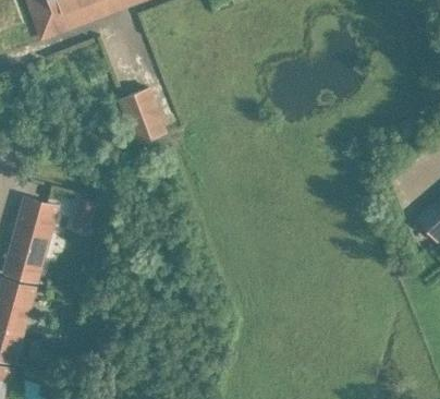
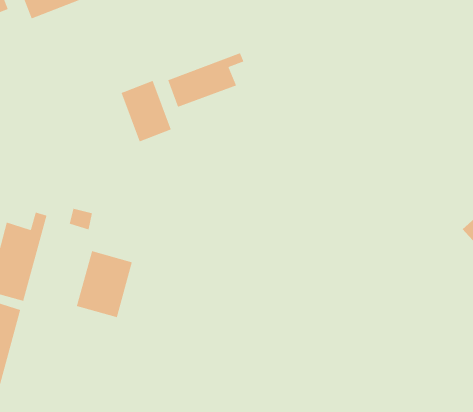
building: none -> [167,52,244,108]
building: none -> [76,250,133,318]

